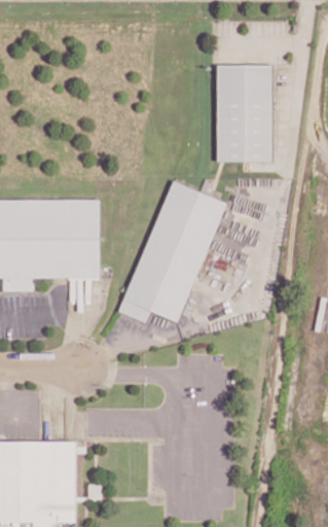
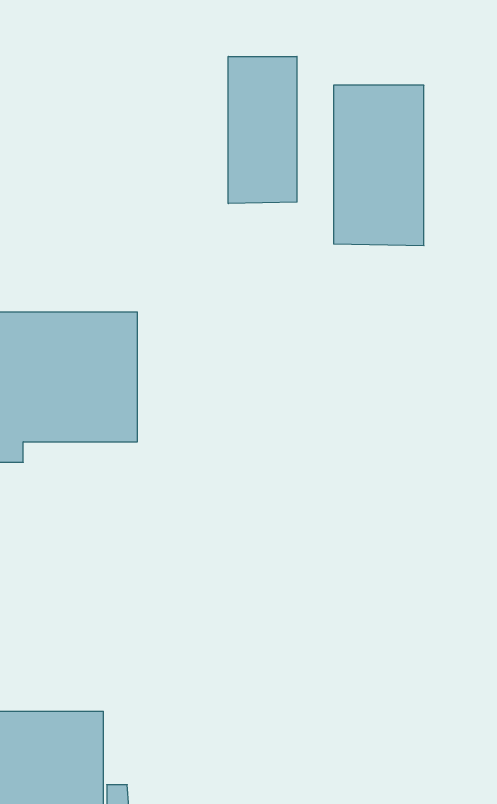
building: none -> [228,56,297,204]
building: [116,181,226,323] -> none

